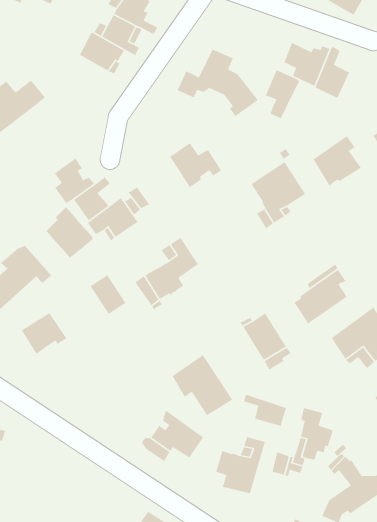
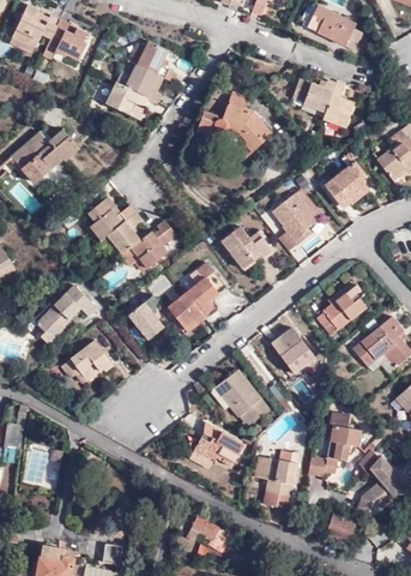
building: [265,69,300,119] -> none
building: [169,142,222,188] -> [220,227,270,269]
building: [45,206,93,259] -> none
building: [243,394,287,427] -> none

